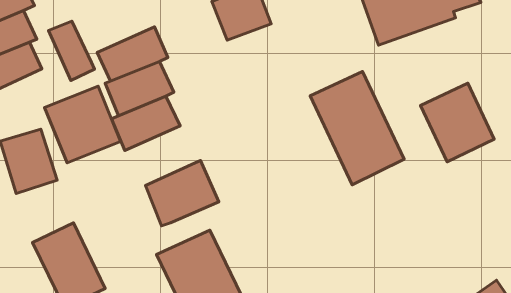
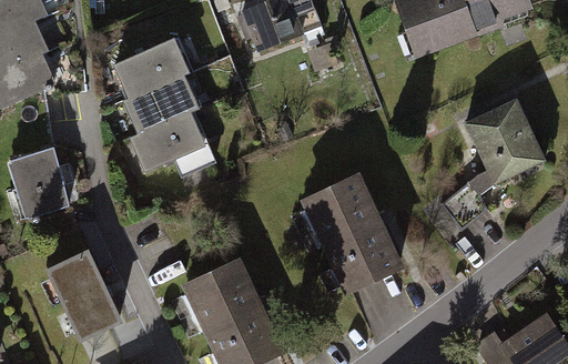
building: [48,21,95,80] -> none
building: [310,71,404,185] -> [301,172,403,295]
building: [44,86,121,163] -> none
building: [146,161,219,226] -> none

